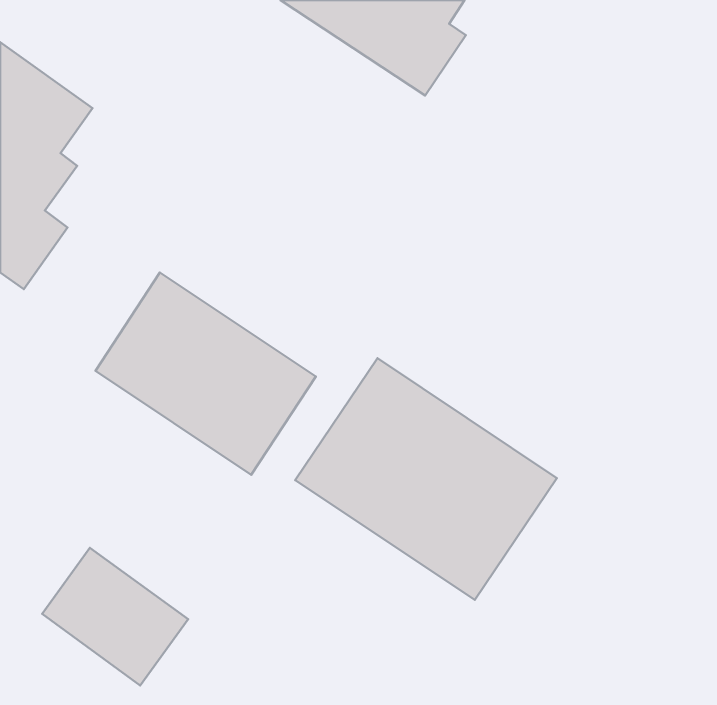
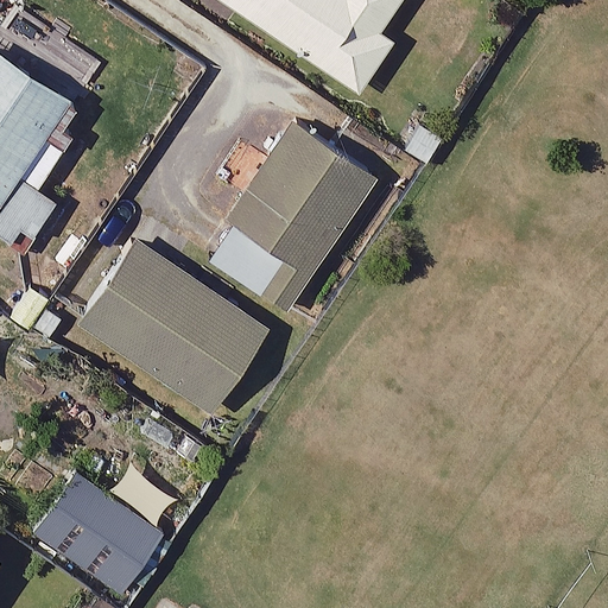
building: none -> [209,126,374,309]
building: [295,358,557,600] -> none

